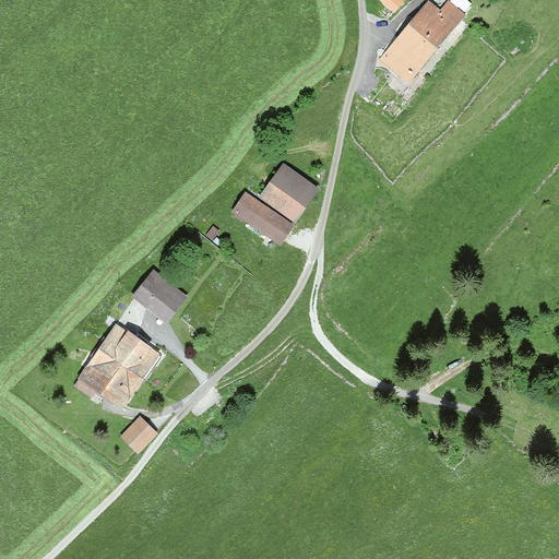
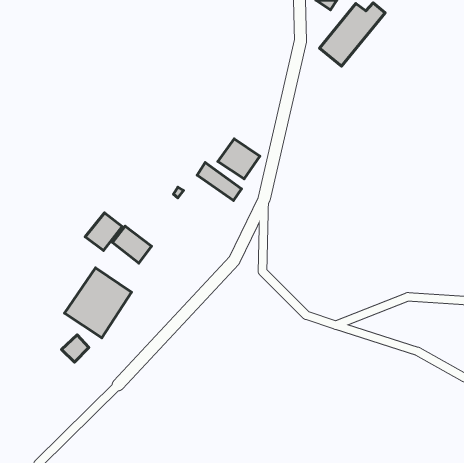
building: none -> [85,213,122,250]
building: [122,416,155,449] -> [62,335,89,362]

